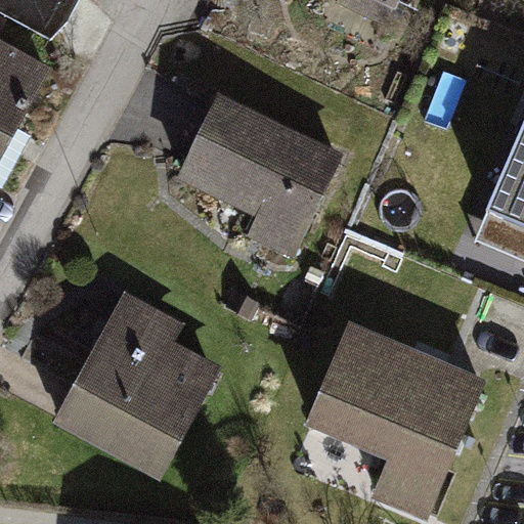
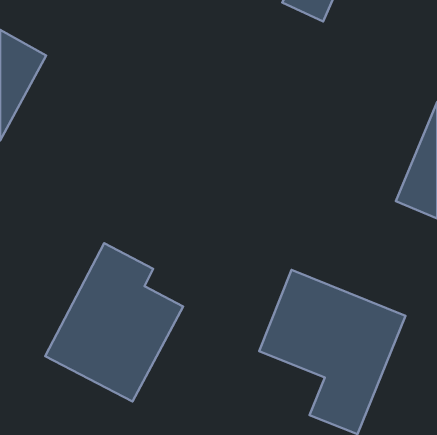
building: [175,95,343,258] -> none

